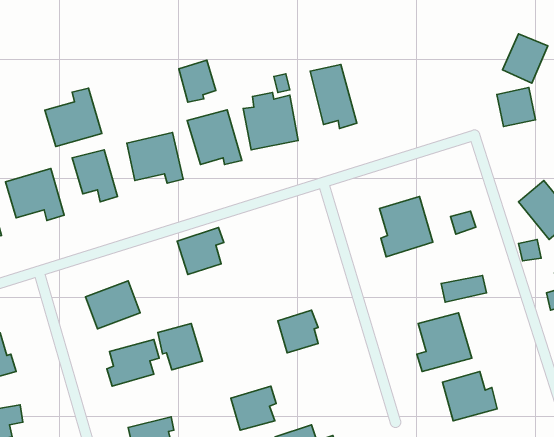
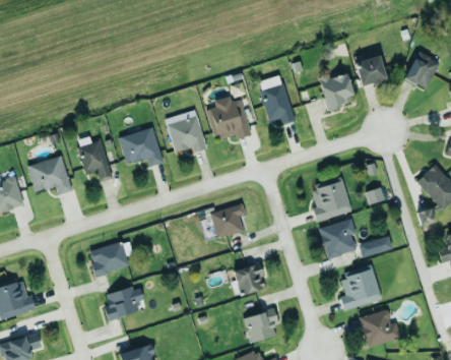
building: [179,60,216,102] -> none
building: none -> [318,73,355,110]
building: [497,88,535,126] -> [356,56,385,85]
building: [45,88,102,146] -> none
building: [177,228,224,274] -> [209,202,245,238]
building: none -> [318,218,357,258]
building: [158,323,202,370] -> none
building: [231,386,276,430] -> [243,308,277,342]

